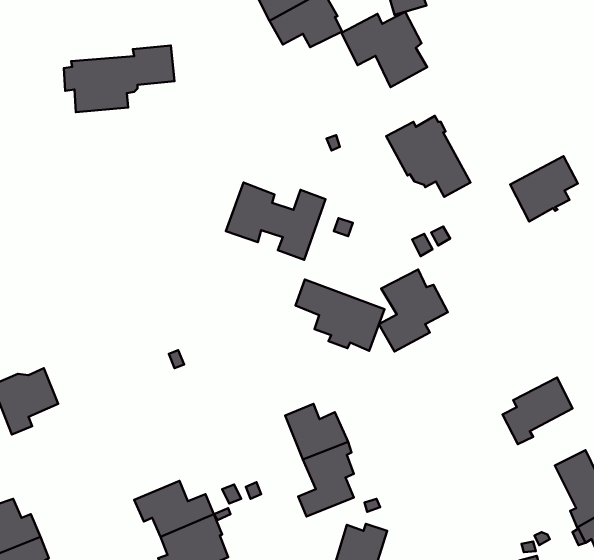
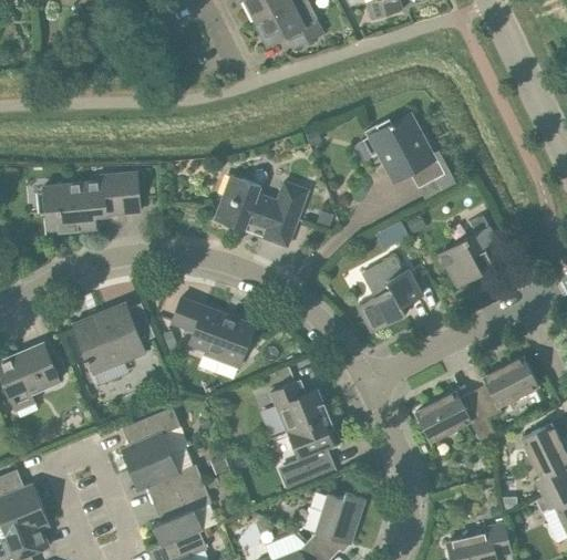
building: [341,12,427,87] -> none
building: [64,46,174,112] -> [37,172,140,234]
building: [510,156,578,221] -> [440,226,503,287]
building: [295,279,384,351] -> [172,298,255,364]
building: none -> [72,302,146,374]
building: none -> [415,391,496,444]
building: none -> [121,406,181,470]

